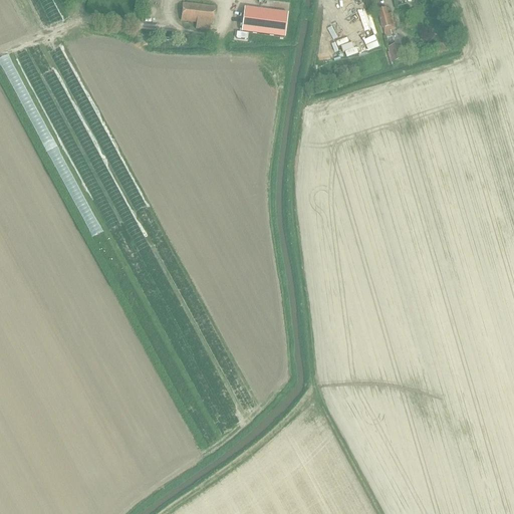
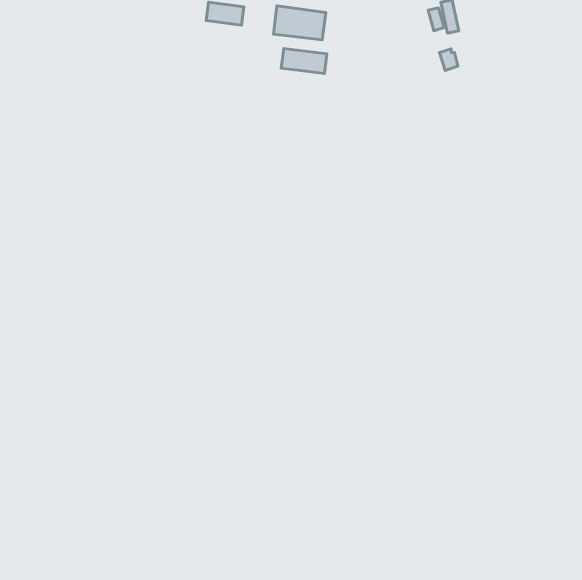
building: none -> [281,49,327,73]

